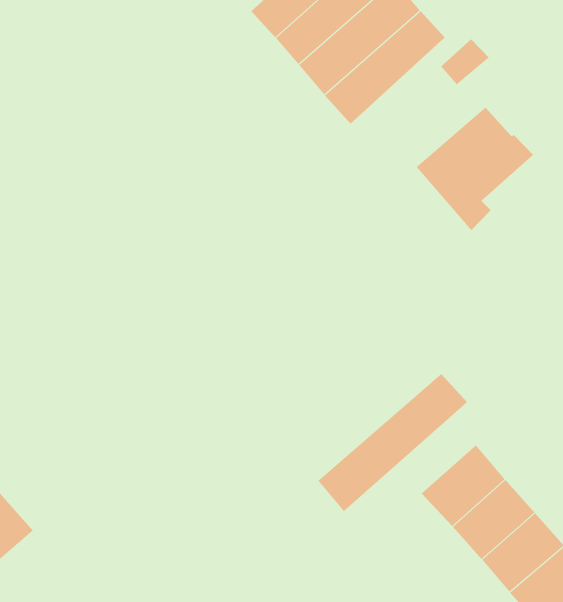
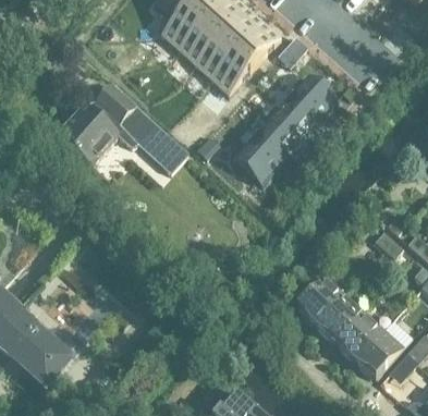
building: none -> [59,84,187,173]
building: none -> [234,115,308,186]
building: [317,373,468,512] -> none

